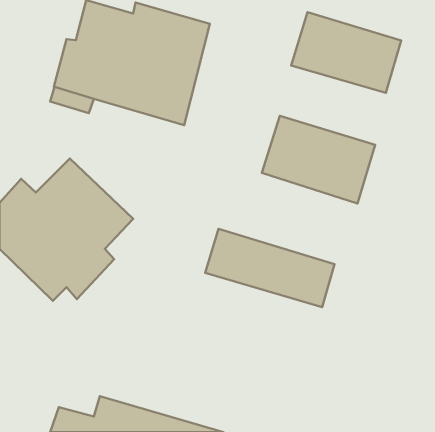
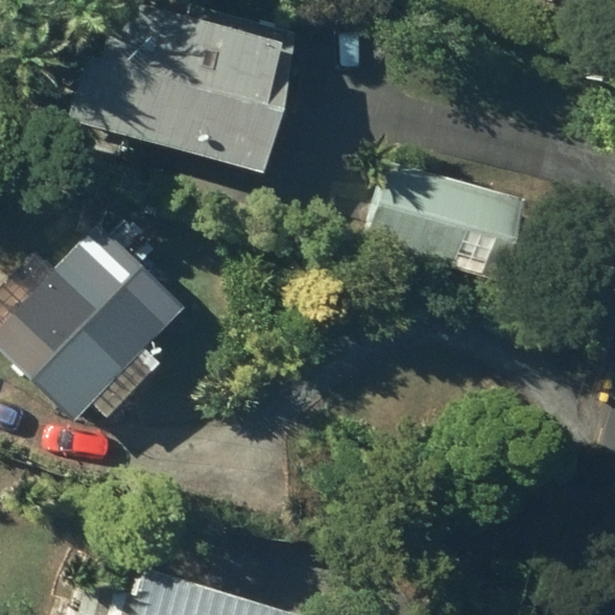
building: [291,12,401,93] -> none
building: [205,229,335,307] -> none

